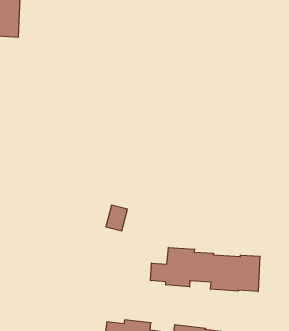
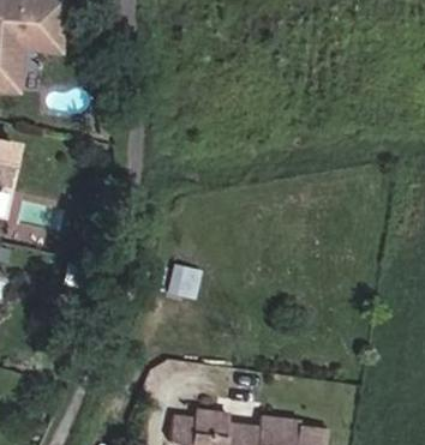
building: [151,247,260,292] -> none

